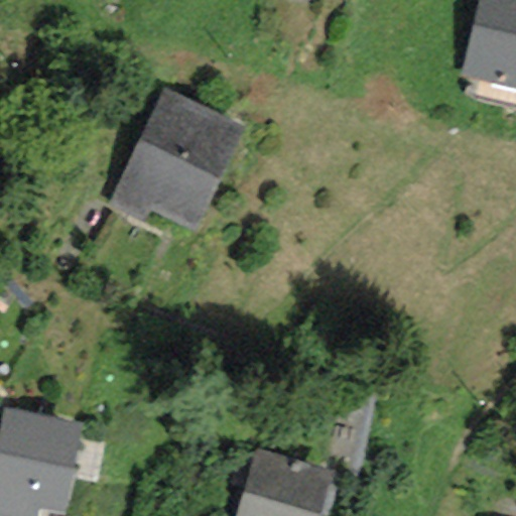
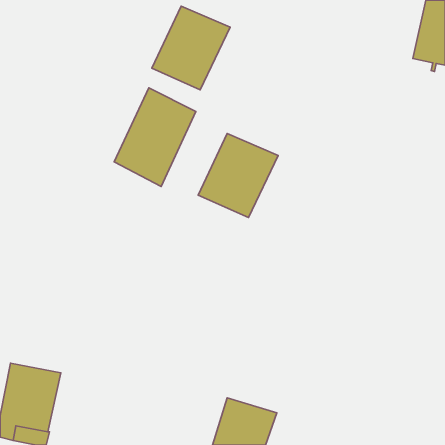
building: none -> [152,6,230,90]
building: none -> [198,134,278,218]

